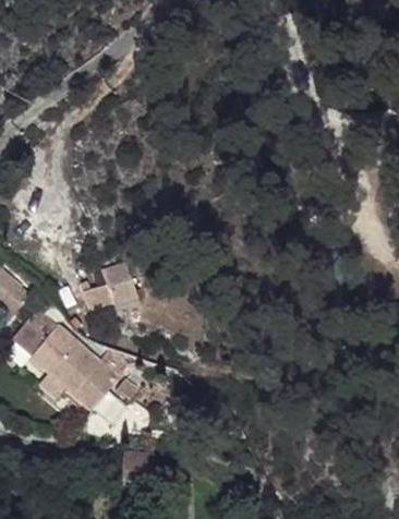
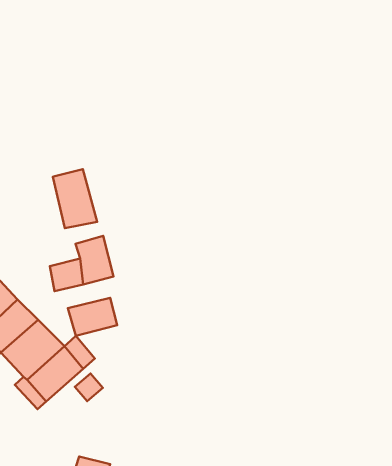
building: none -> [53,169,97,228]
building: none -> [68,298,117,336]

